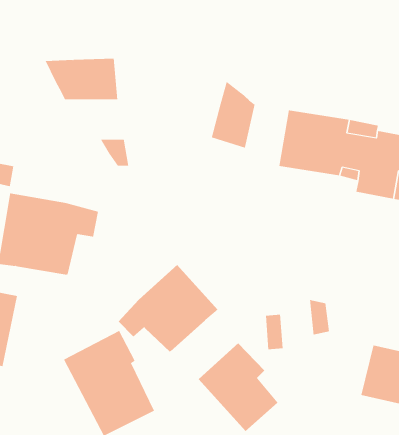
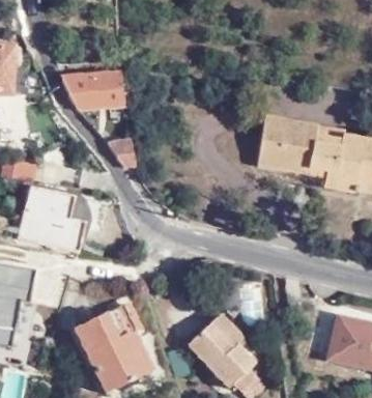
building: [211,81,255,149] -> none
building: [118,264,219,353] -> none

